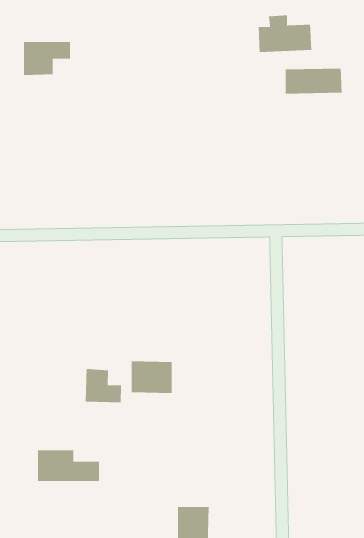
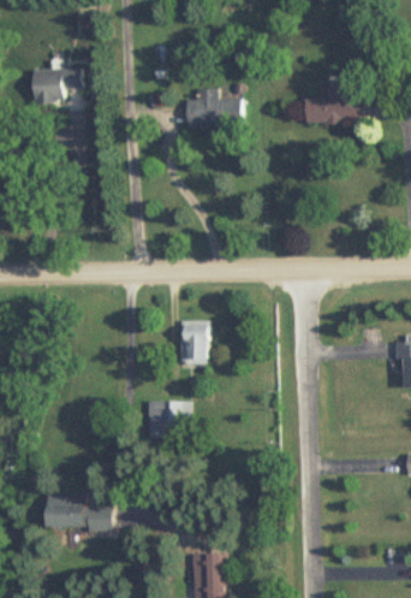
building: [258,15,312,53] -> [185,88,242,128]
building: none -> [178,321,210,365]
building: [85,368,122,403] -> none

